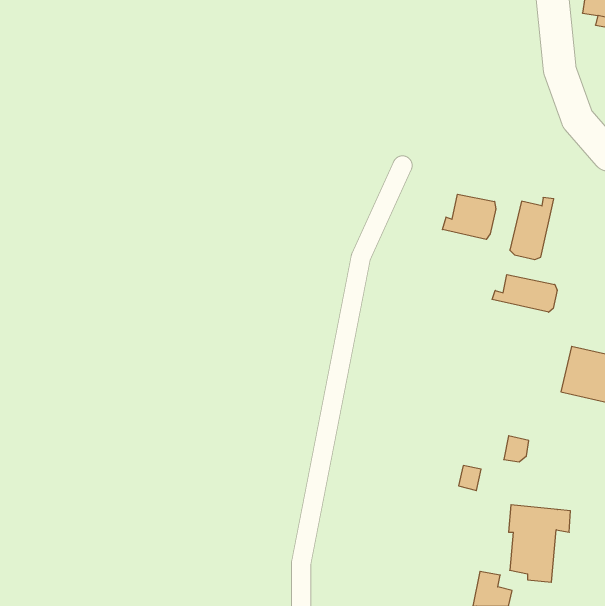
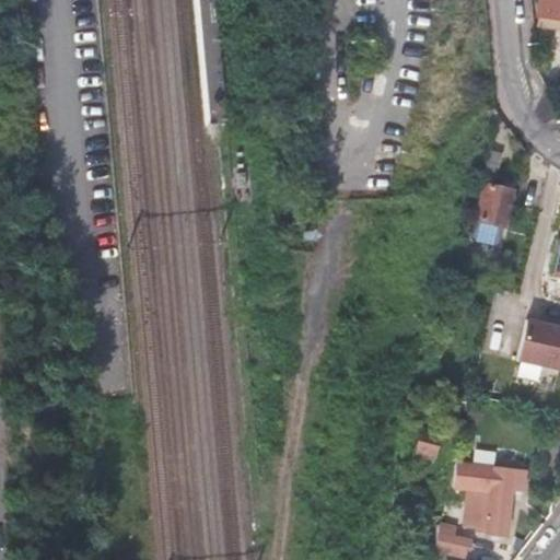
building: [442,194,496,239] -> none
building: [492,275,557,312] -> none

